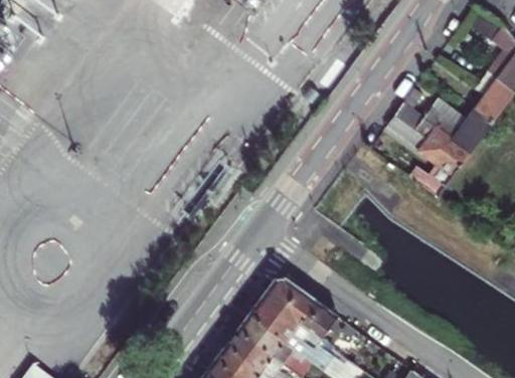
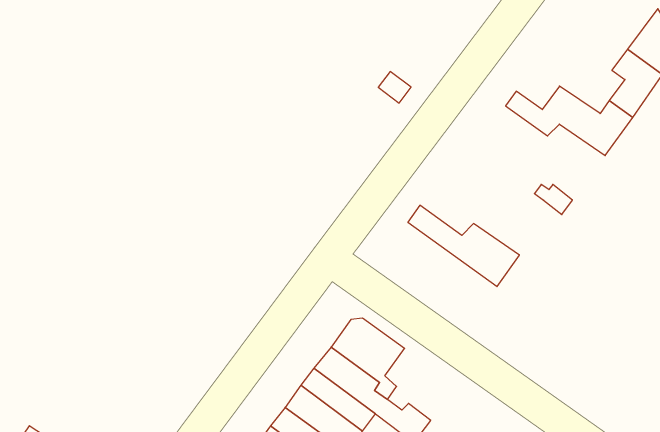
building: [386,115,472,177] -> [408,205,519,287]
building: [303,301,340,348] -> none

